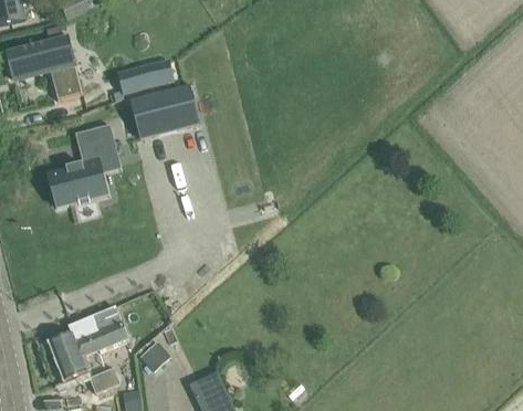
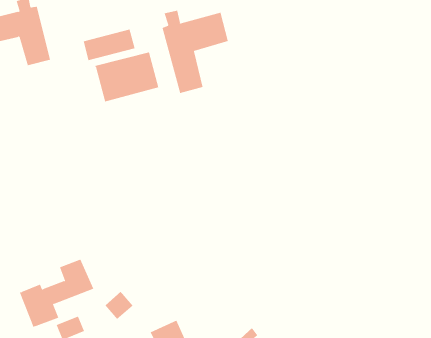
building: none -> [162,10,229,94]
building: [46,124,115,207] -> none

